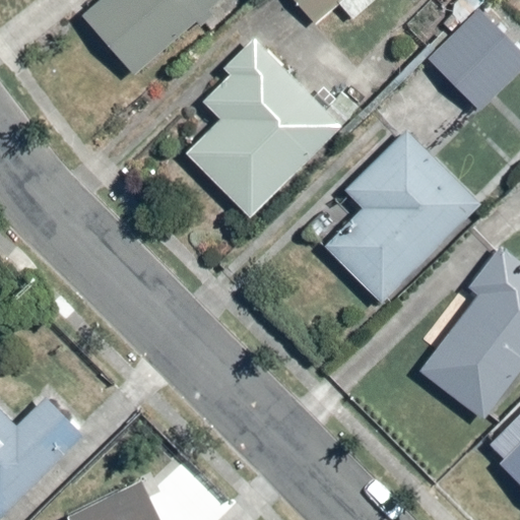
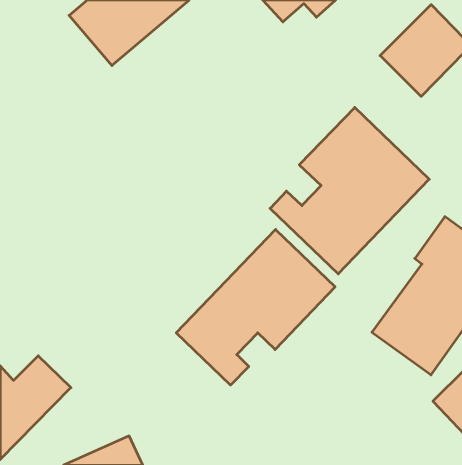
building: [181,31,349,221] -> none
building: none -> [176,229,335,385]

